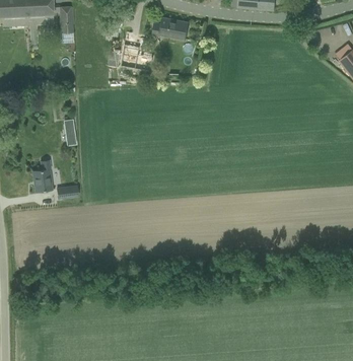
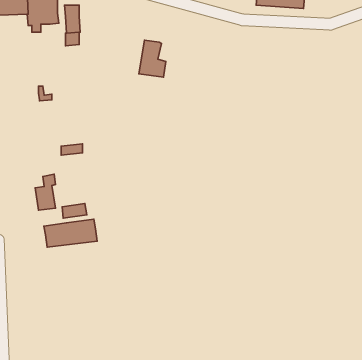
building: [151,17,188,39] -> none
building: none -> [44,219,97,247]

